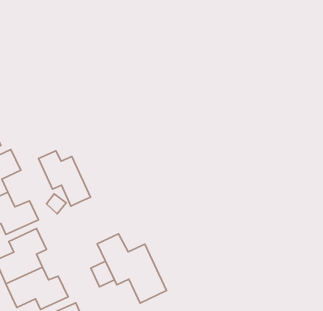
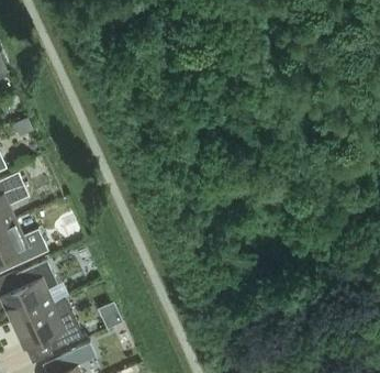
building: [38,151,91,206] -> none
building: [97,234,167,303] -> none

